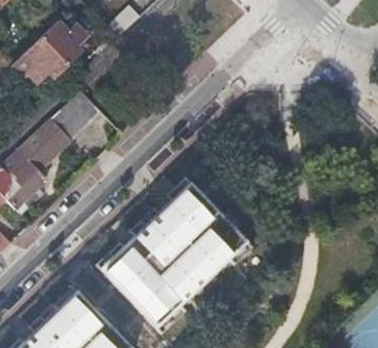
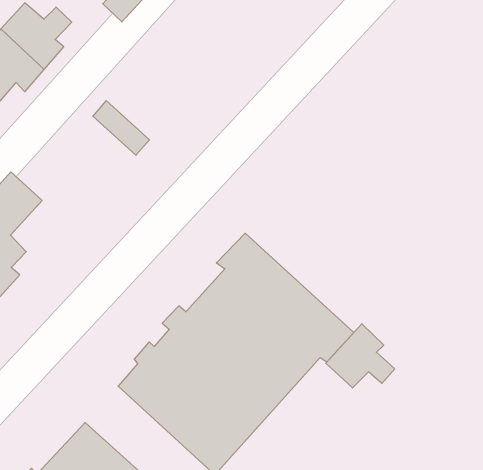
building: [39,90,98,148] -> none
building: none -> [326,324,395,388]

